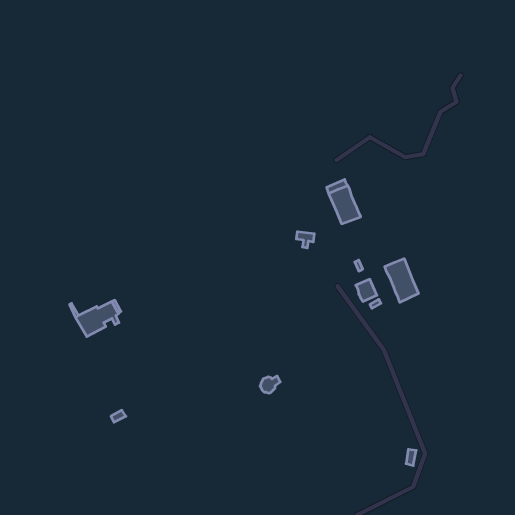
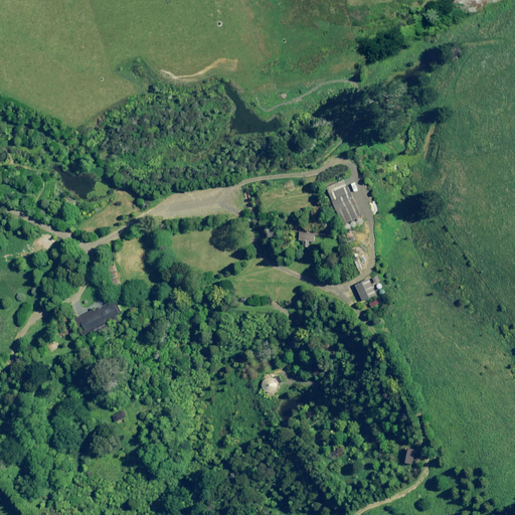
building: [385,259,418,302] -> none

